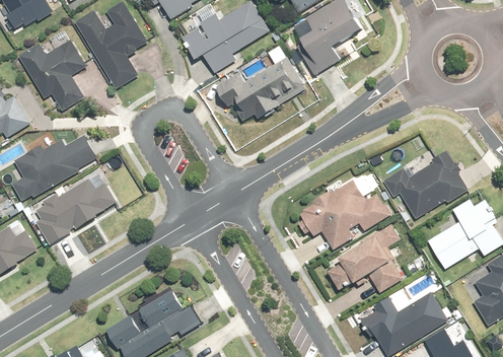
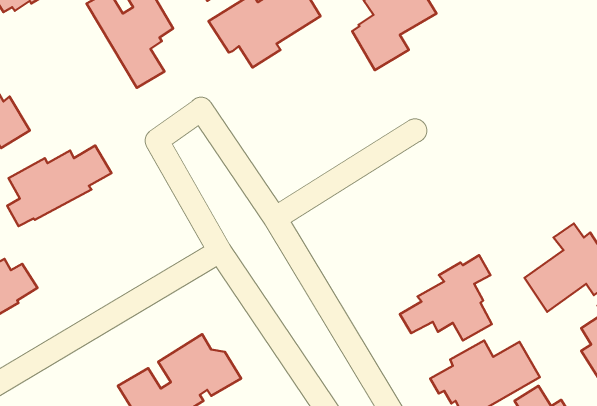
building: [19,40,86,110] -> none
building: [216,56,307,121] -> none
building: [383,149,469,217] -> none
building: [301,173,391,249] -> none
building: [35,178,115,244] -> none

